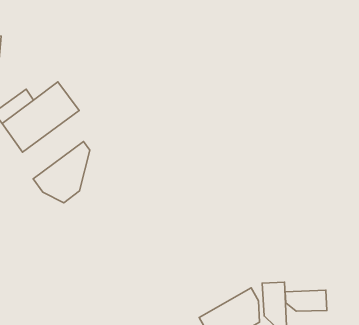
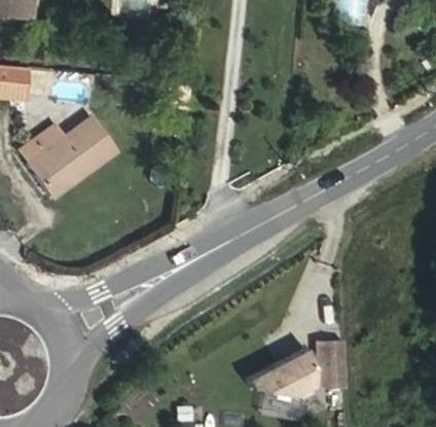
building: [33,142,90,203] -> none
building: [285,290,327,311] -> none

